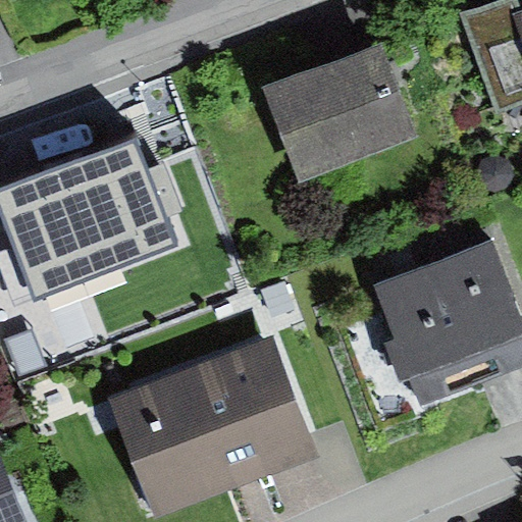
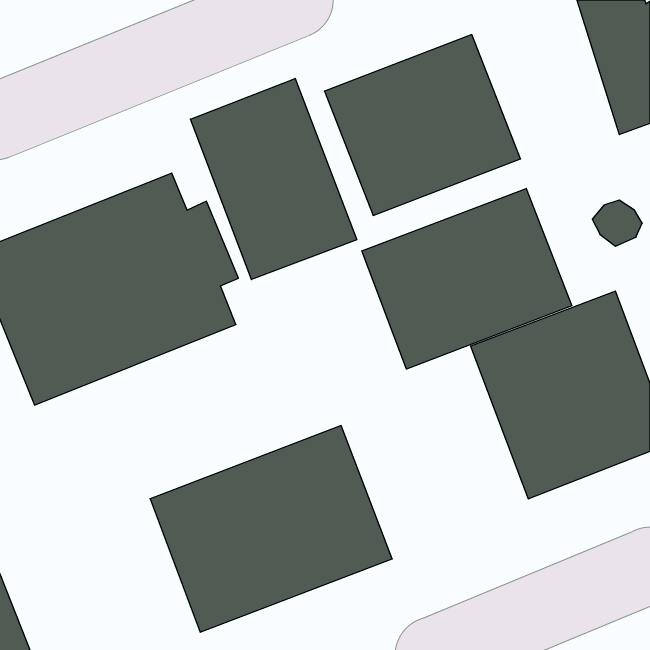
building: none -> [190,78,357,280]
building: none -> [362,188,572,369]

